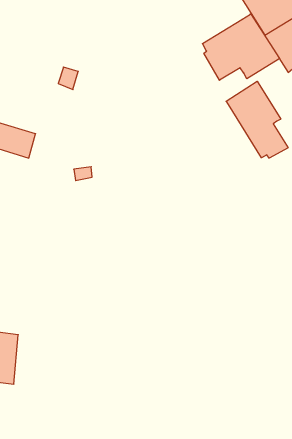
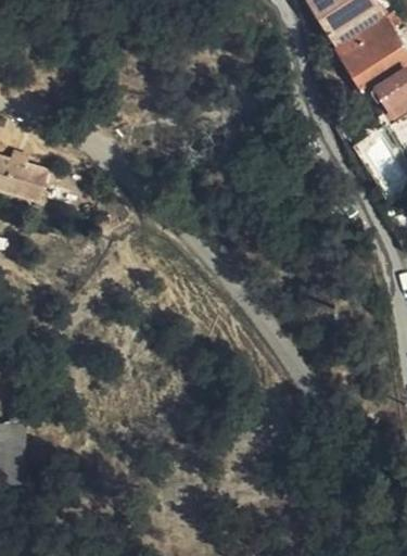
building: [202,14,279,80] -> none
building: [226,81,288,158] -> none

